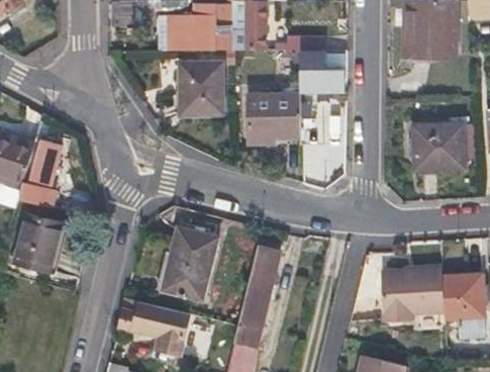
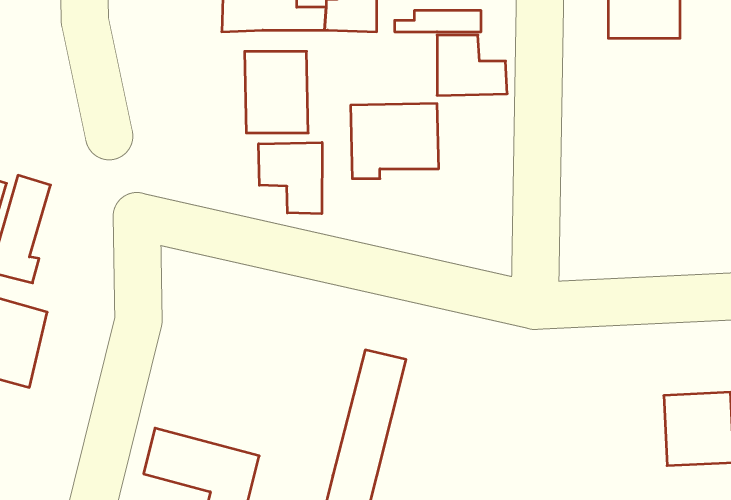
building: none -> [259,142,322,214]
building: [414,124,465,169] -> none
building: [165,227,217,299] -> none
building: [382,270,445,329] -> none

